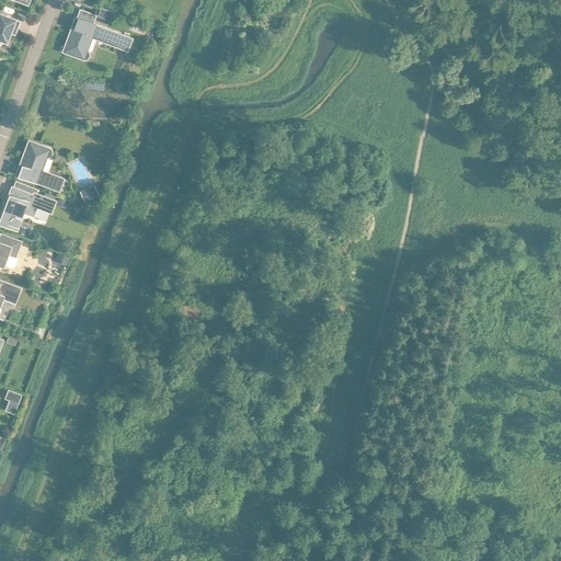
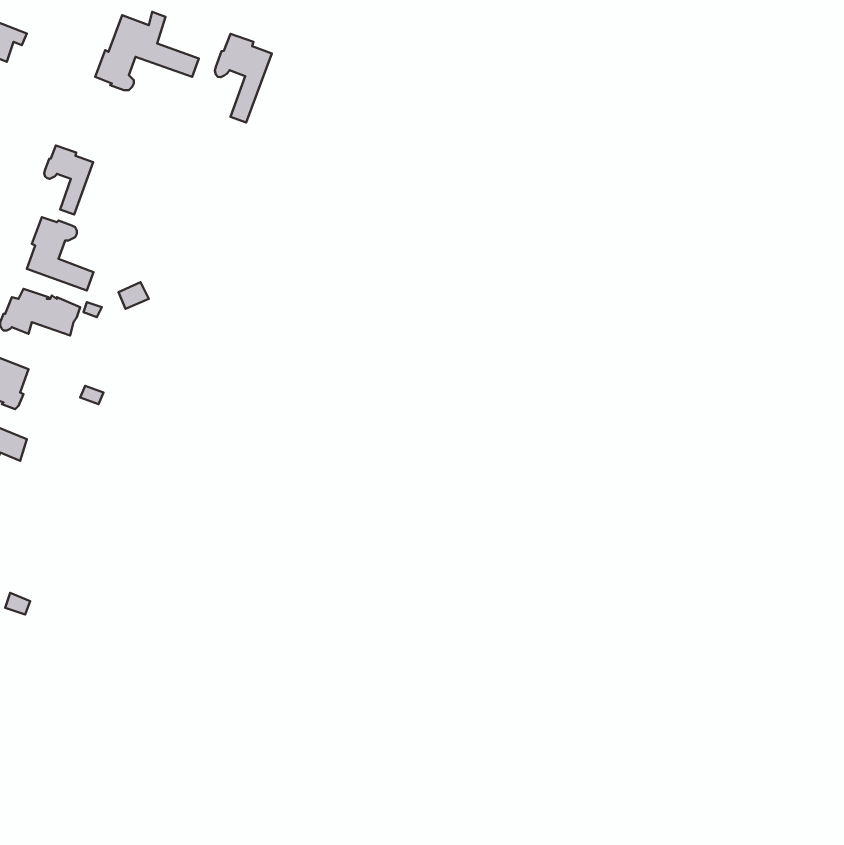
building: none -> [215,34,272,123]
building: none -> [44,146,93,215]

